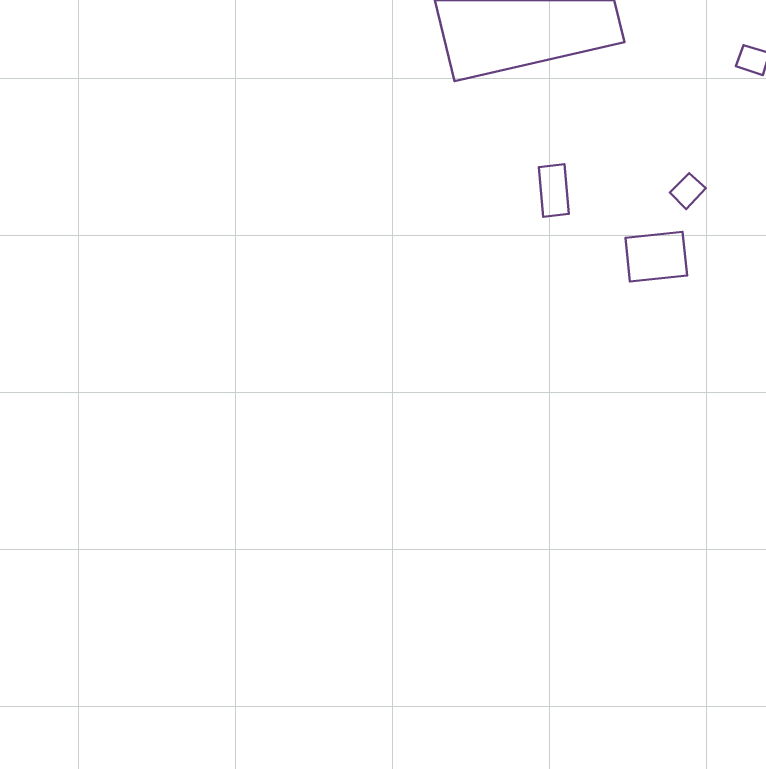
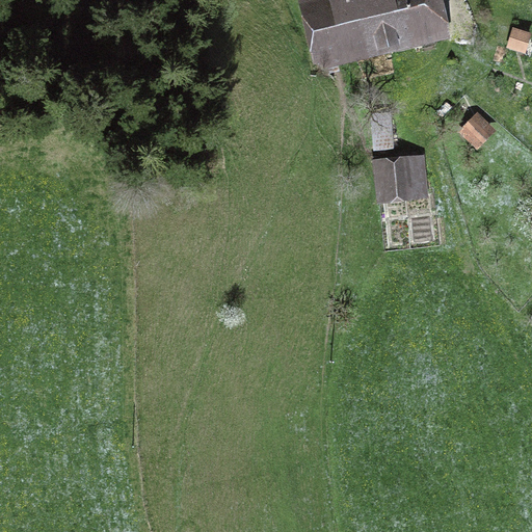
building: [625,232,687,281] -> [383,162,426,196]

